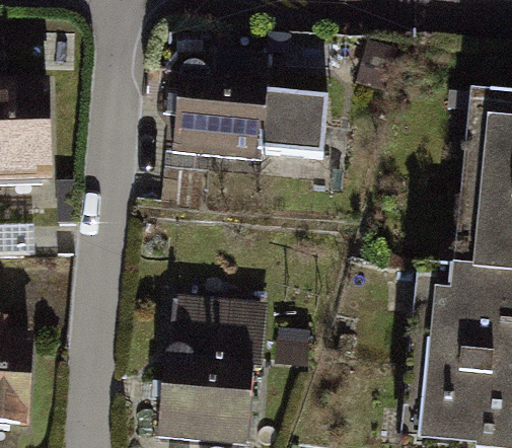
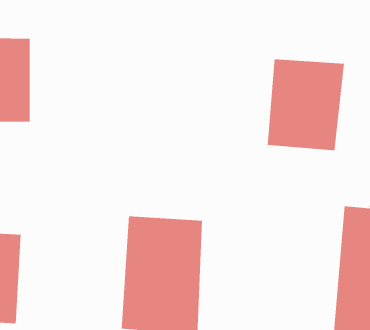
building: [166,63,341,165] -> none
building: none -> [267,59,344,151]

